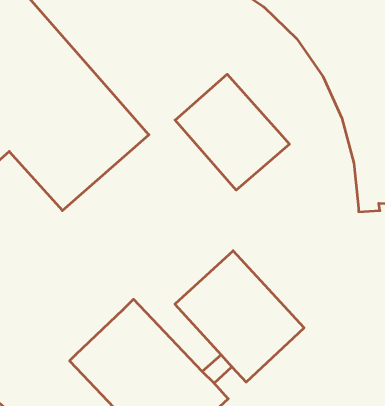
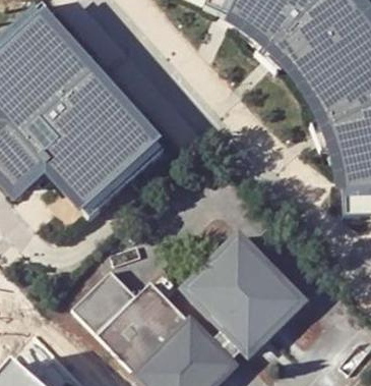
building: [175,74,289,190] -> none
building: none -> [78,271,142,335]

